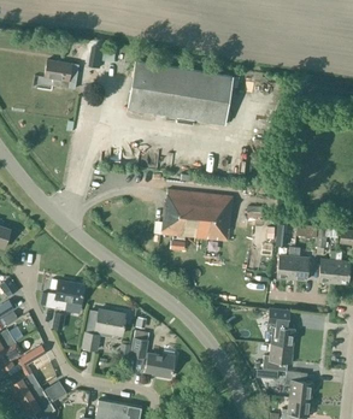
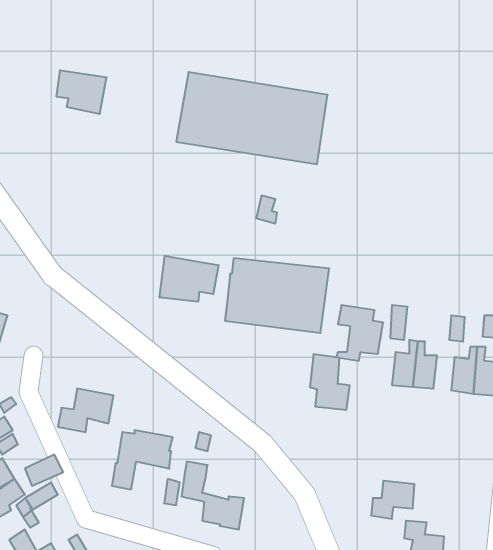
building: none -> [159,256,219,302]
building: [267,308,295,347] -> [310,354,350,410]

